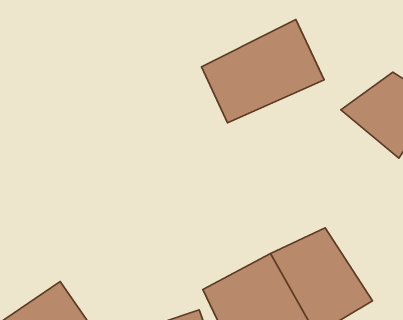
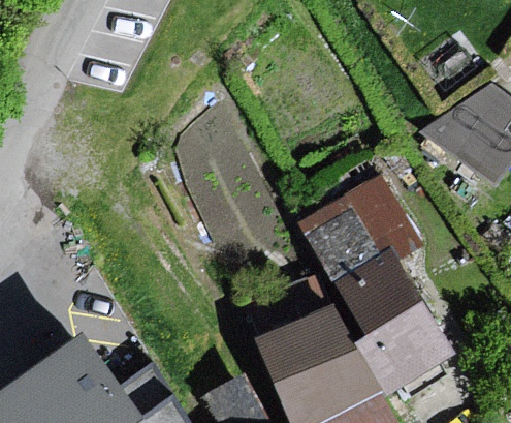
building: [201,20,324,123] -> none
building: none -> [300,175,423,301]

